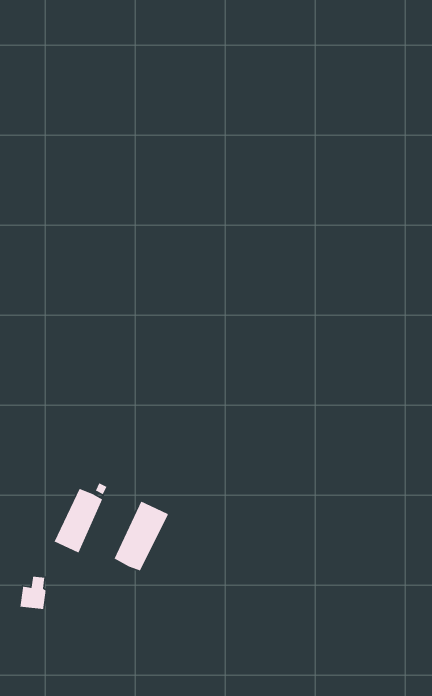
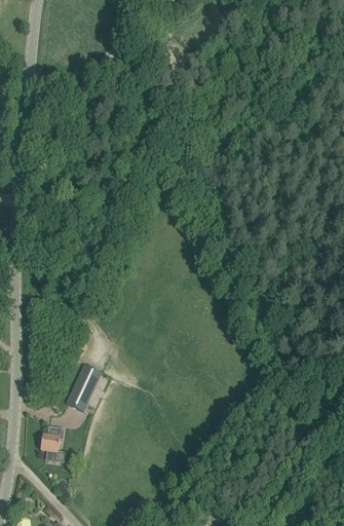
building: [114,501,169,572] -> none

